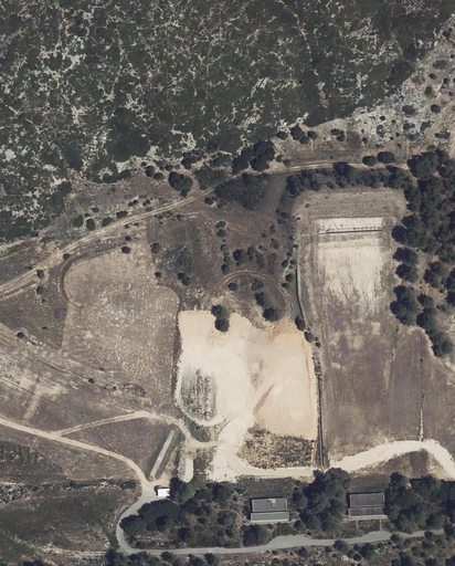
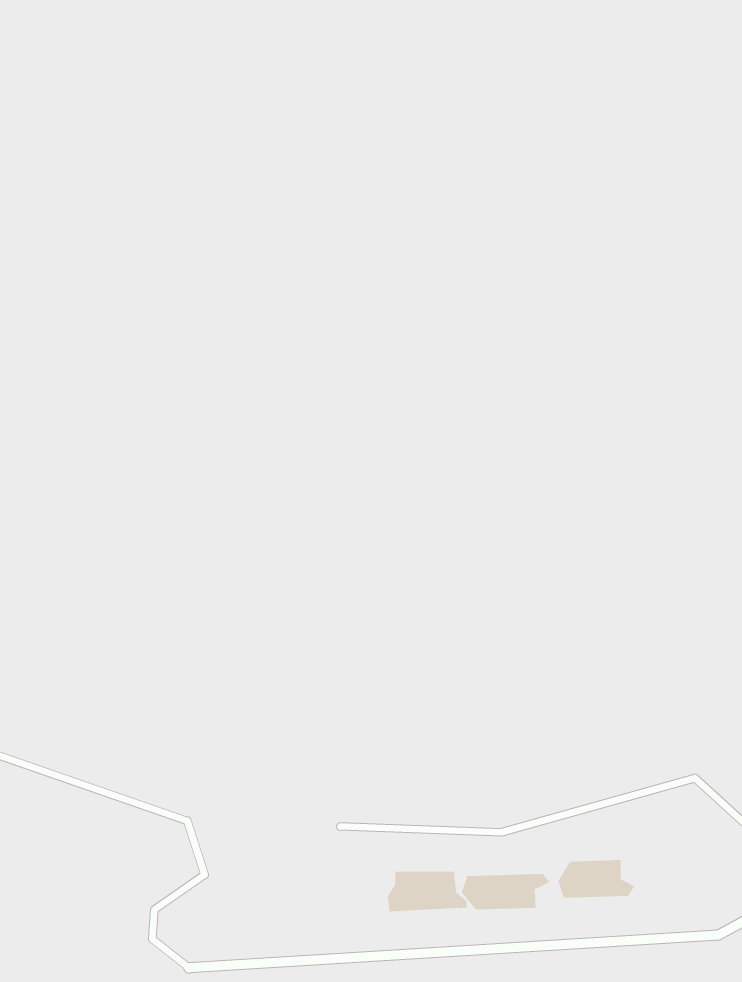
building: none -> [461,873,550,910]

